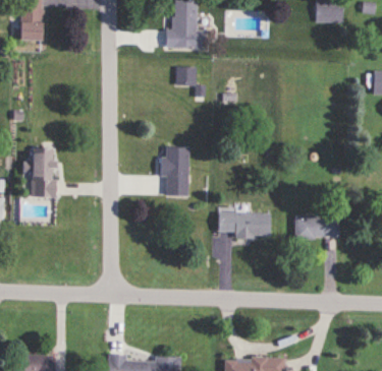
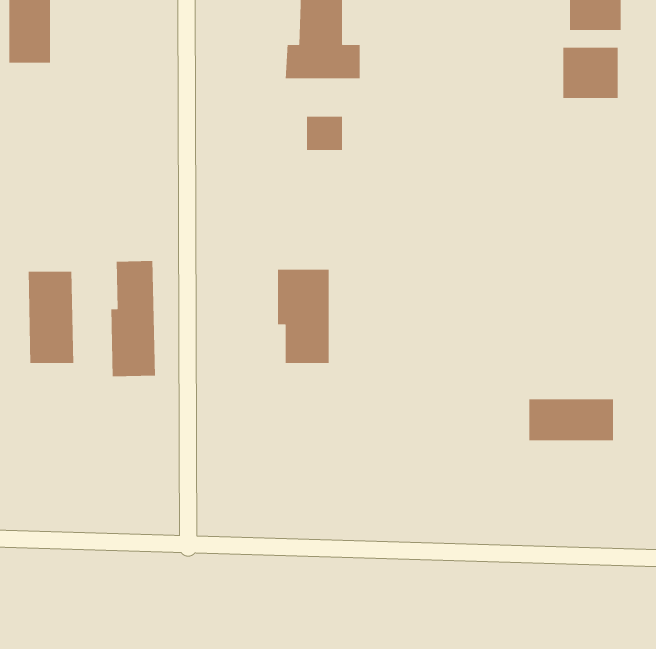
building: none -> [563,47,618,99]
building: none -> [110,260,156,377]
building: [217,212,270,234] -> none

